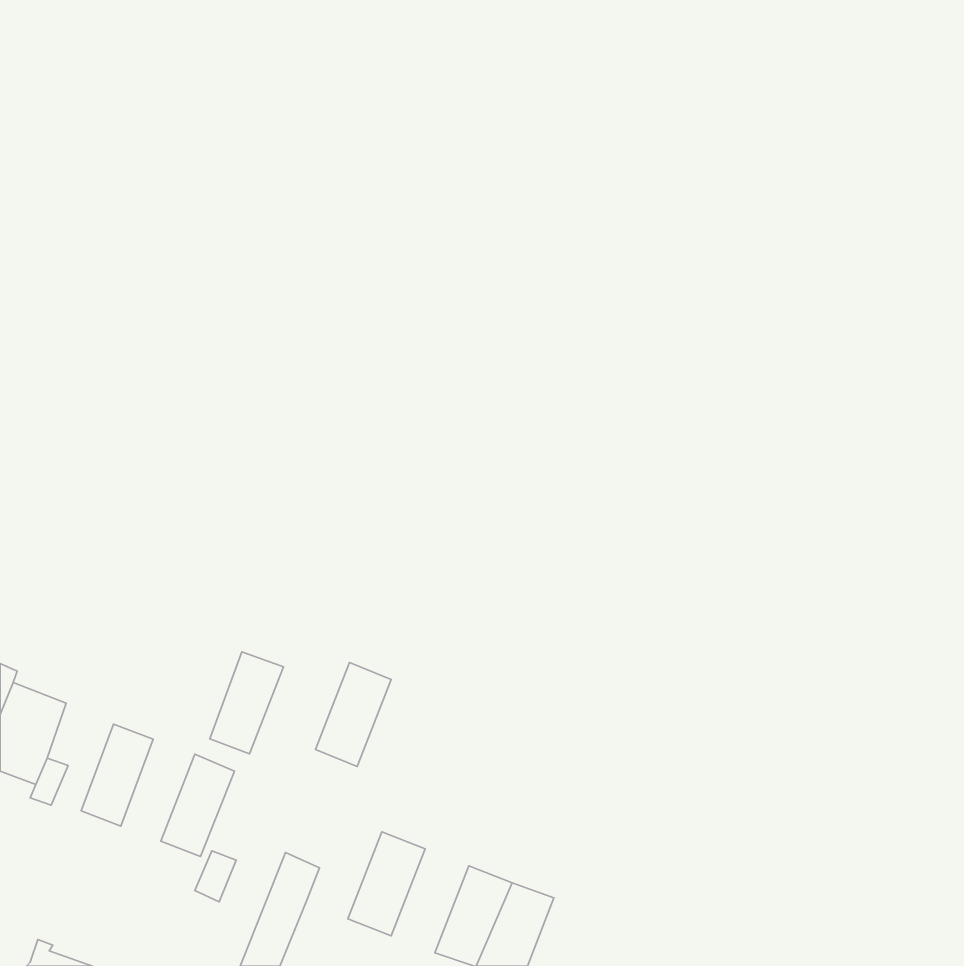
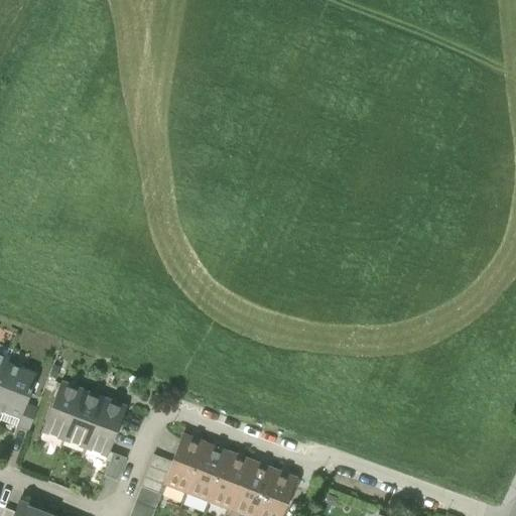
building: [210,652,284,754] -> [66,394,105,448]
building: [316,662,391,766] -> [164,434,205,490]
building: none -> [210,453,251,508]

